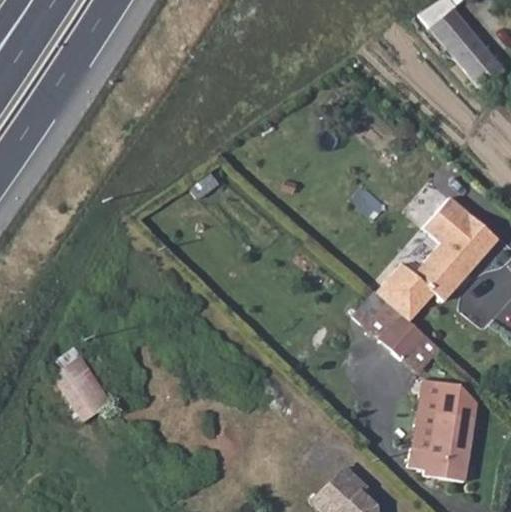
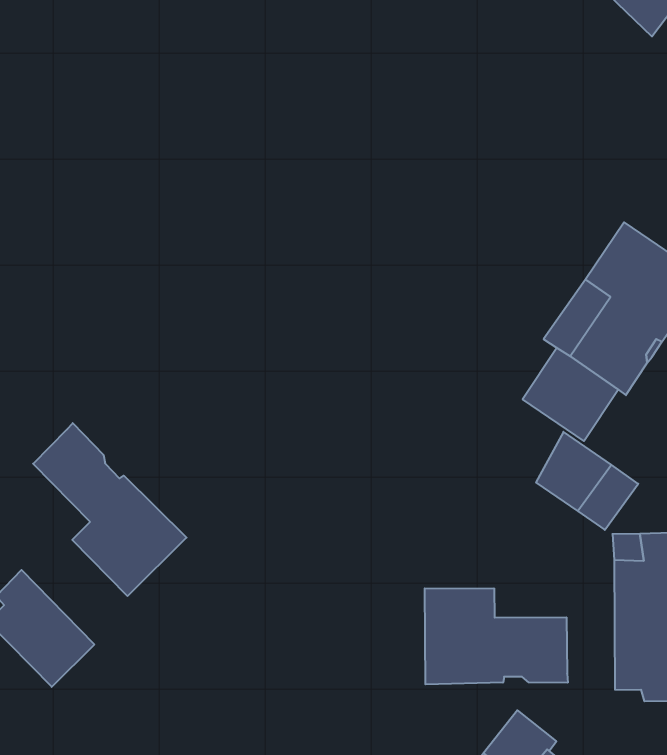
building: none -> [33,423,187,596]
building: [356,293,401,341] -> none
building: none -> [425,588,568,684]

